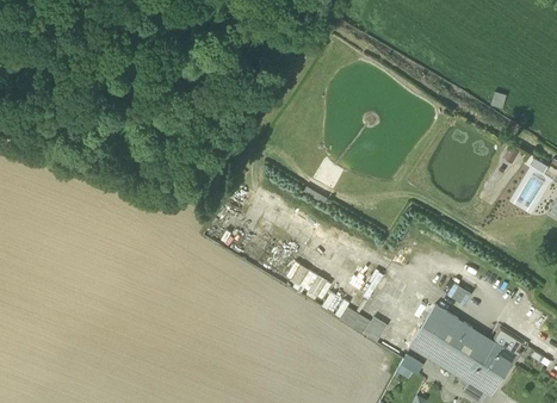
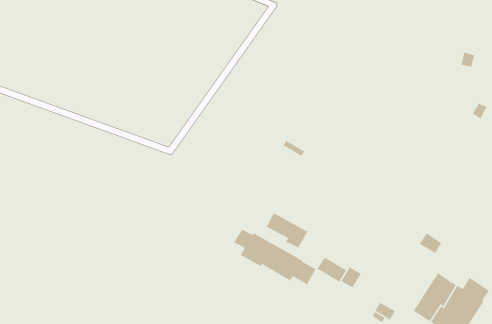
building: none -> [233,229,316,285]
building: [409,305,466,365] -> none

